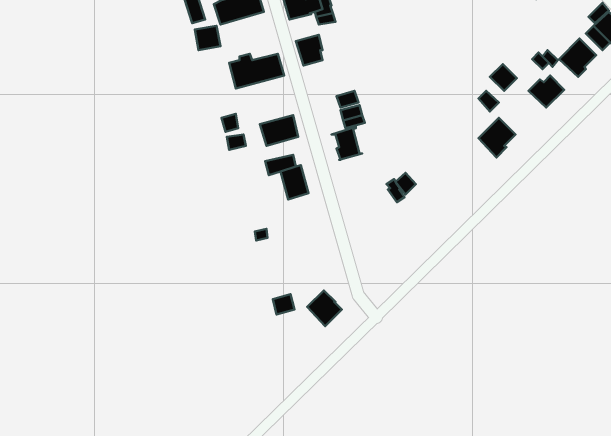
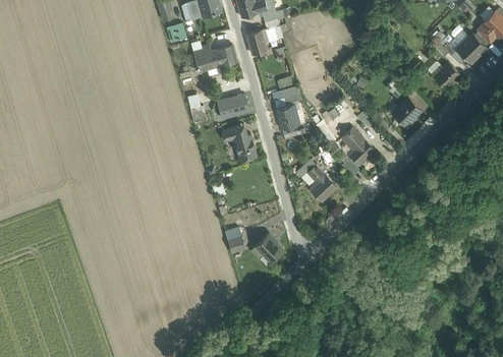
building: none -> [341,128,374,165]
building: none -> [305,164,335,200]

